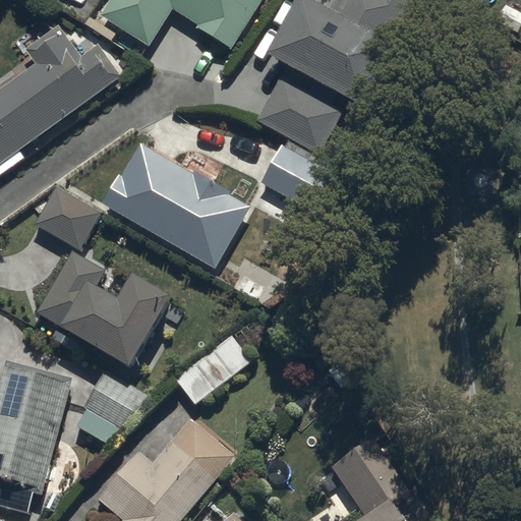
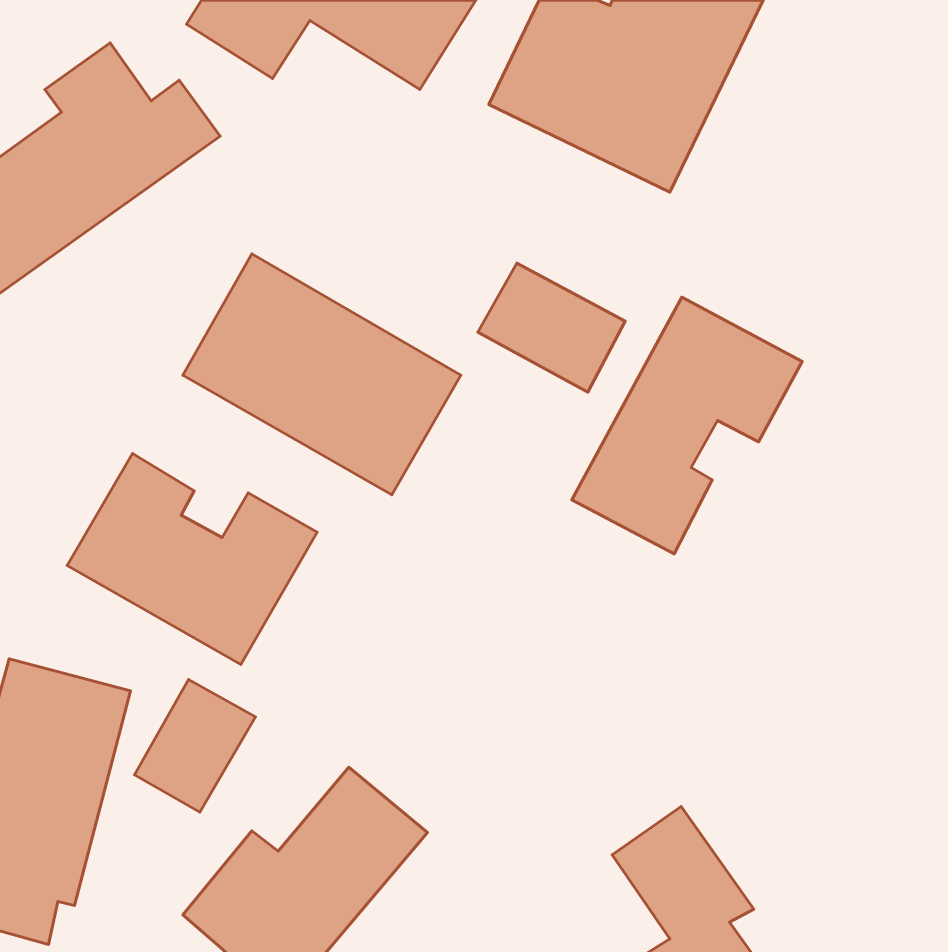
building: [255,74,345,156] -> none
building: none -> [572,297,802,554]
building: [33,189,100,249] -> none
building: [175,335,252,406] -> none

